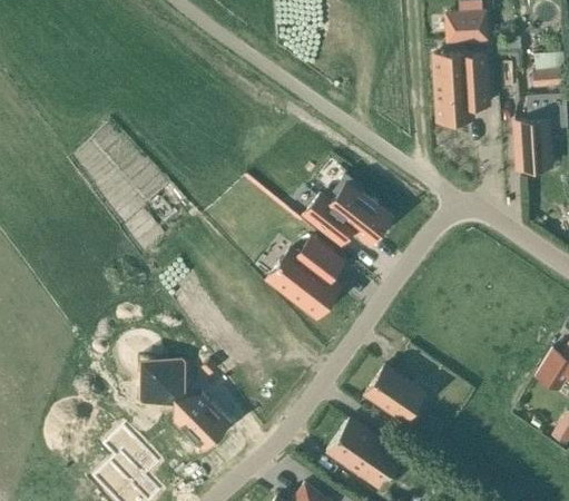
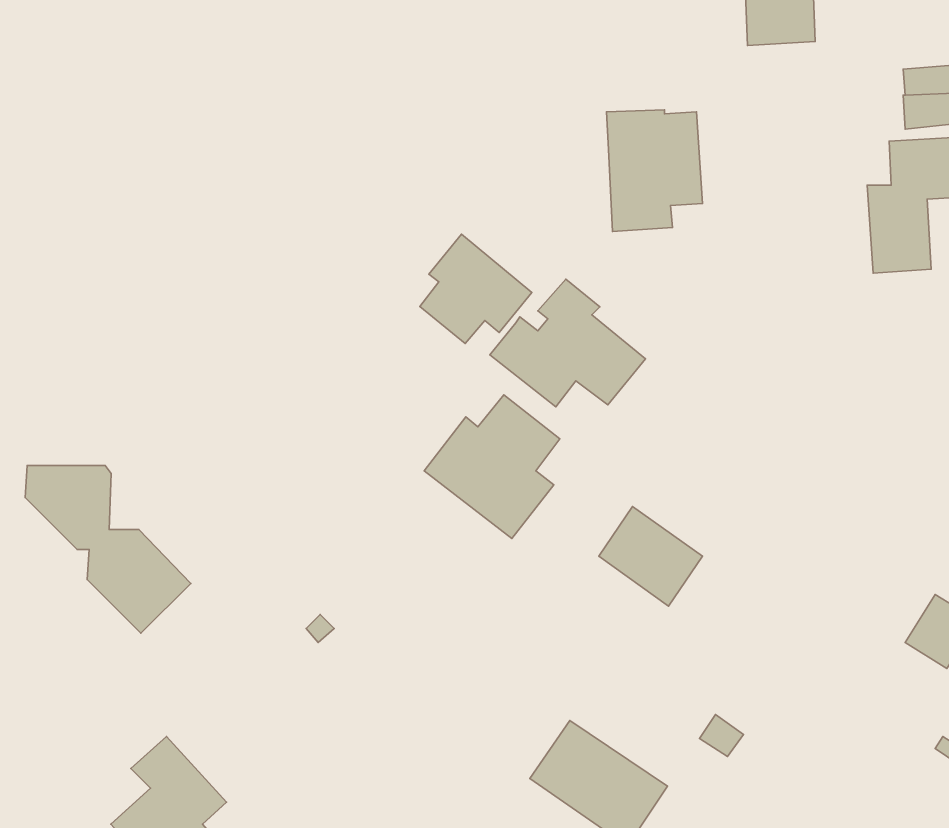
building: [435,55,489,122] -> [607,110,702,232]
building: none -> [420,234,532,343]
building: [139,358,232,452] -> [25,466,191,633]
building: [366,367,424,423] -> [599,506,703,606]

